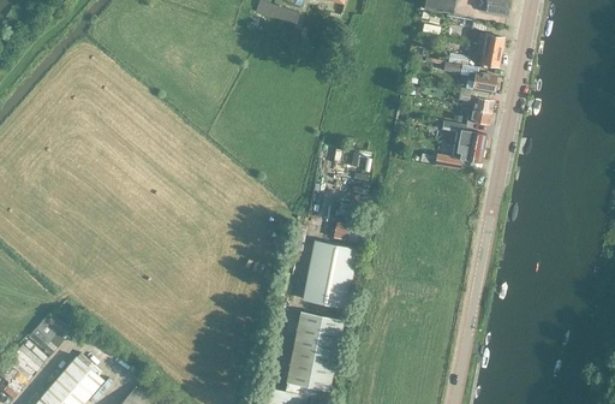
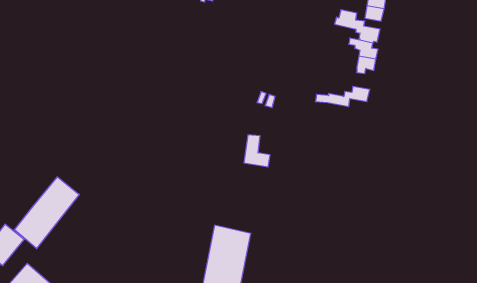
building: [441,117,486,148] -> none
building: [301,239,356,308] -> none
building: none -> [15,177,79,249]

